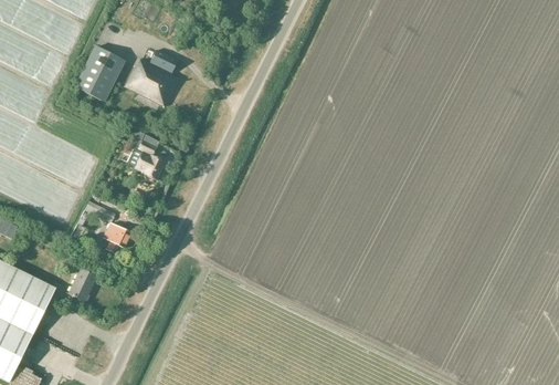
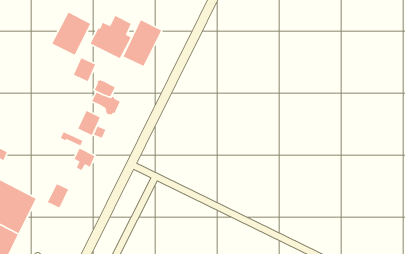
building: none -> [122,19,162,67]
building: none -> [73,57,96,82]
building: none -> [77,110,101,136]

